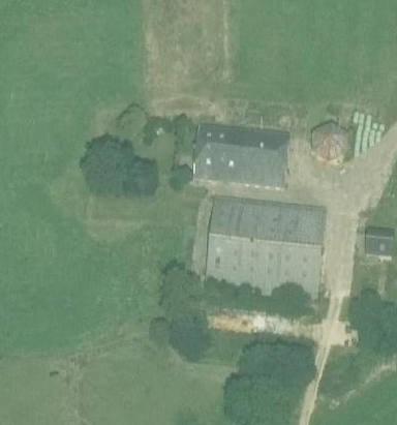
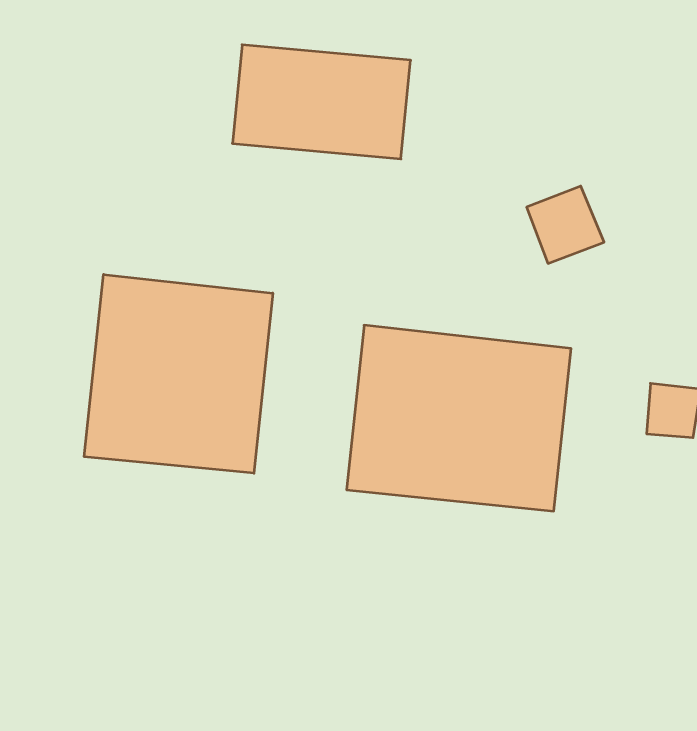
building: [193,125,288,186] -> [232,45,411,159]
building: none -> [84,274,273,473]

